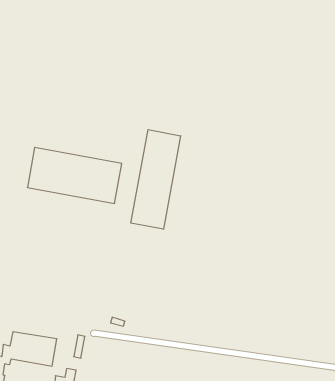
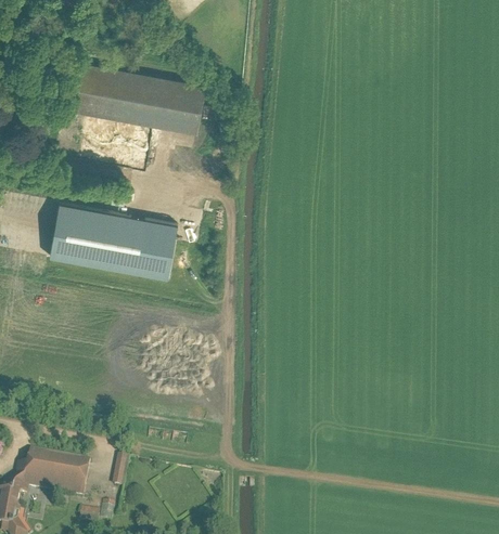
building: none -> [76,66,203,133]
building: [131,130,181,229] -> none

